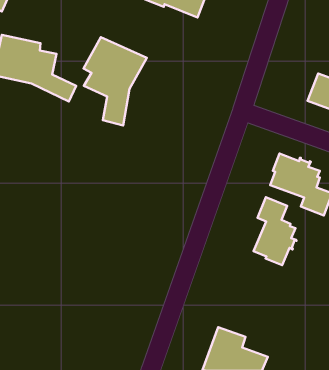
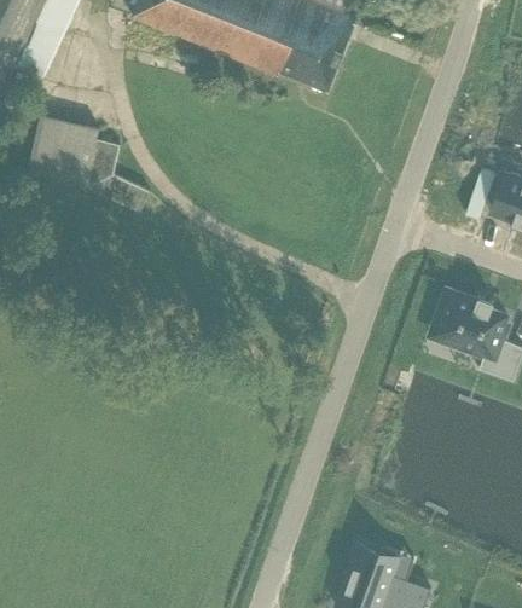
building: [84,37,147,125] -> none
building: [254,197,296,265] -> none

